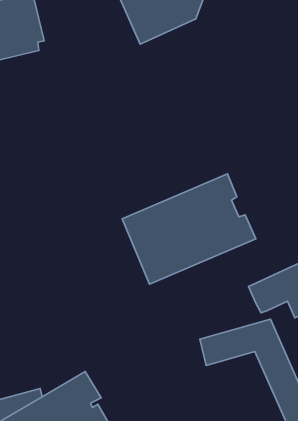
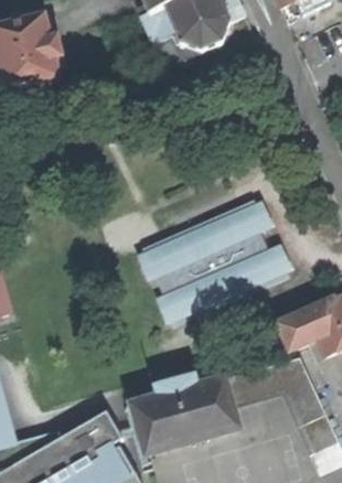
building: none -> [128,375,239,453]

